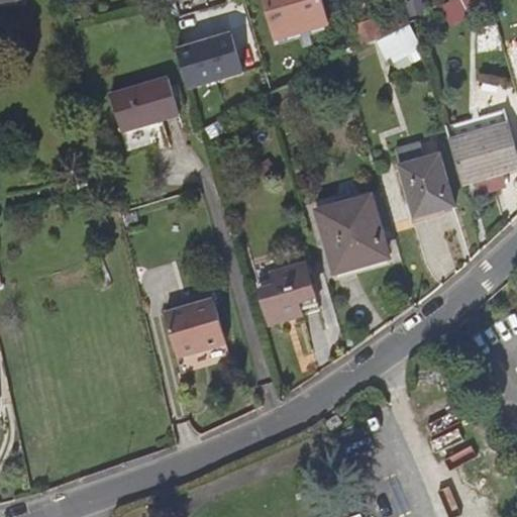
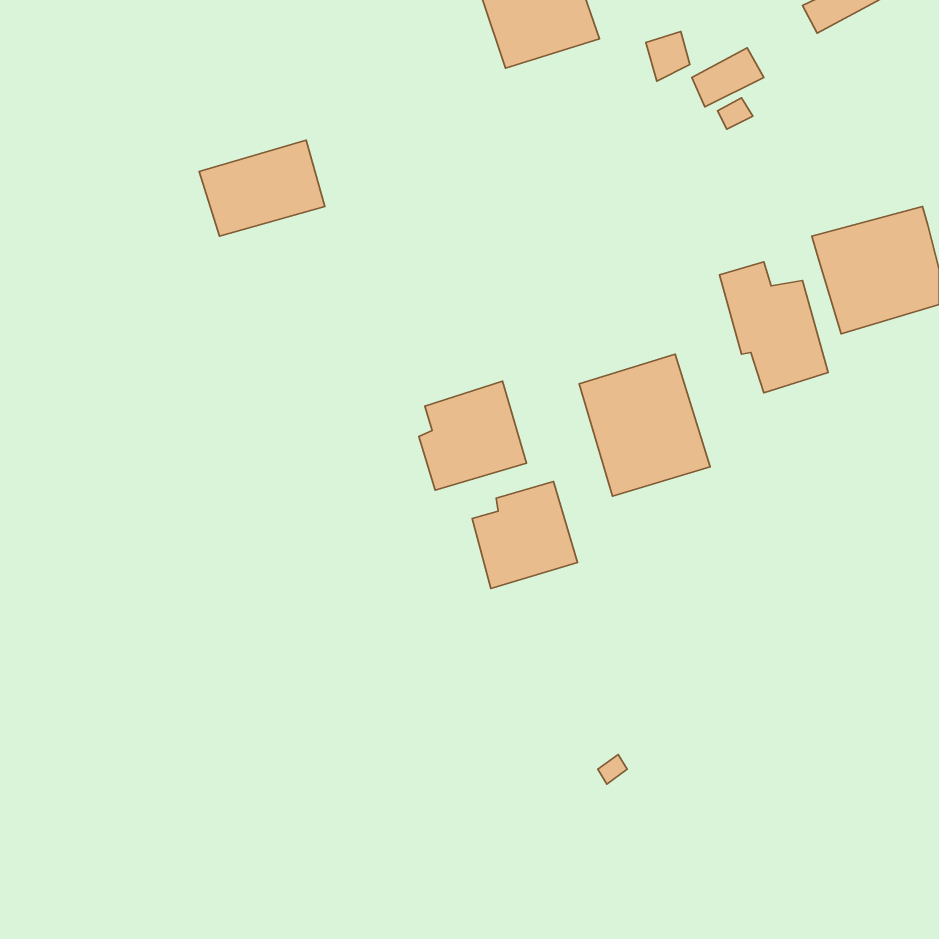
building: [176,34,241,89] -> none
building: none -> [419,381,526,490]
building: [164,298,225,356] -> none

